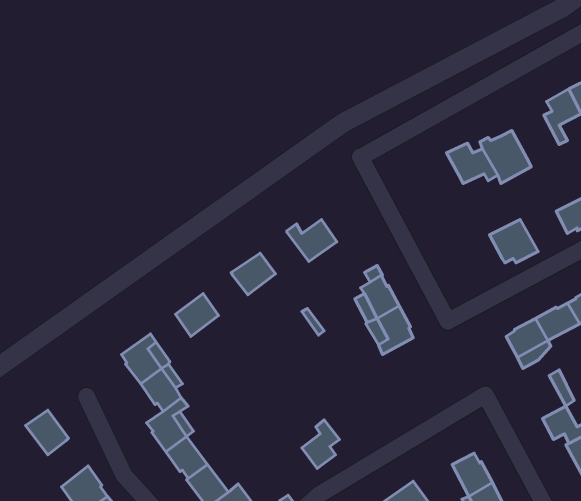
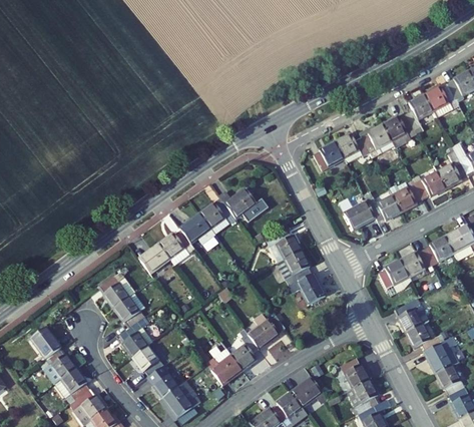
building: none -> [383,113,417,146]
building: none -> [314,140,345,168]
building: none -> [389,176,423,211]
building: none -> [201,197,236,228]
building: none -> [345,199,376,229]
building: none -> [160,229,196,265]
building: none -> [290,273,325,303]
building: none -> [395,301,422,332]
building: none -> [248,313,285,348]
building: none -> [206,346,243,383]
building: none -> [41,348,77,383]

